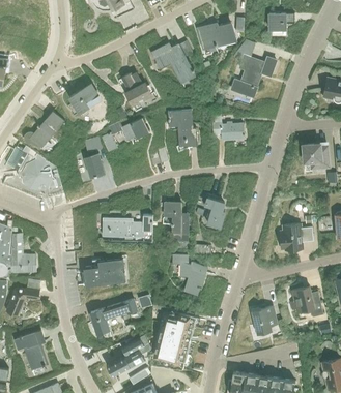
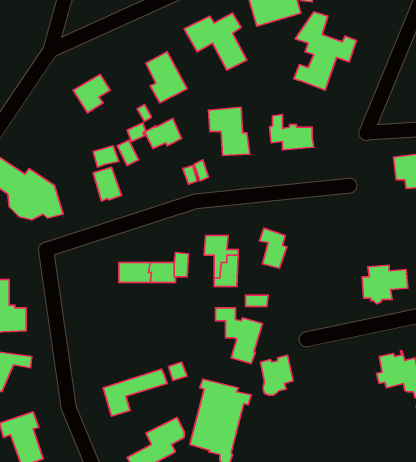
building: [25,111,65,147] -> none
building: [82,260,125,284] -> none
building: [253,305,277,334] -> [260,355,293,395]

